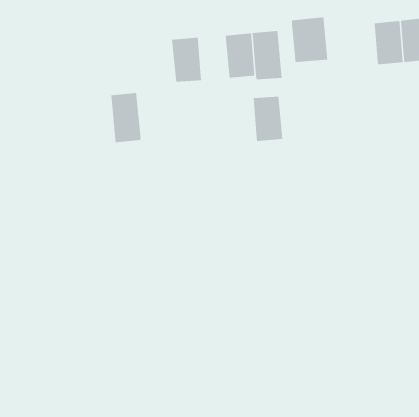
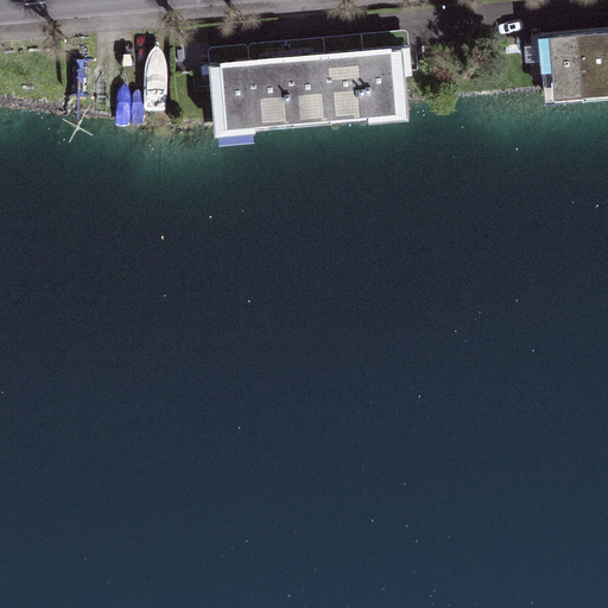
building: [291,17,328,63] -> none
building: [111,93,141,143] -> [211,62,255,134]
building: [253,96,283,142] -> [289,56,332,121]

